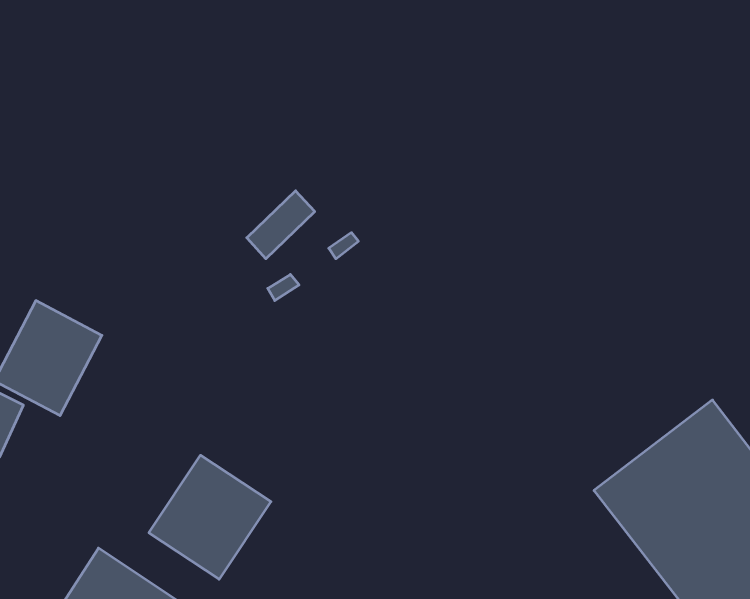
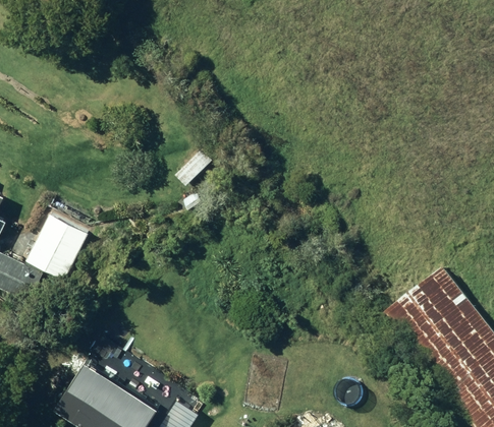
building: [149,455,271,579] -> none

